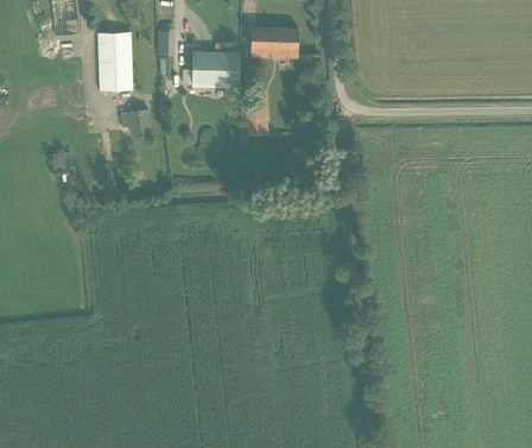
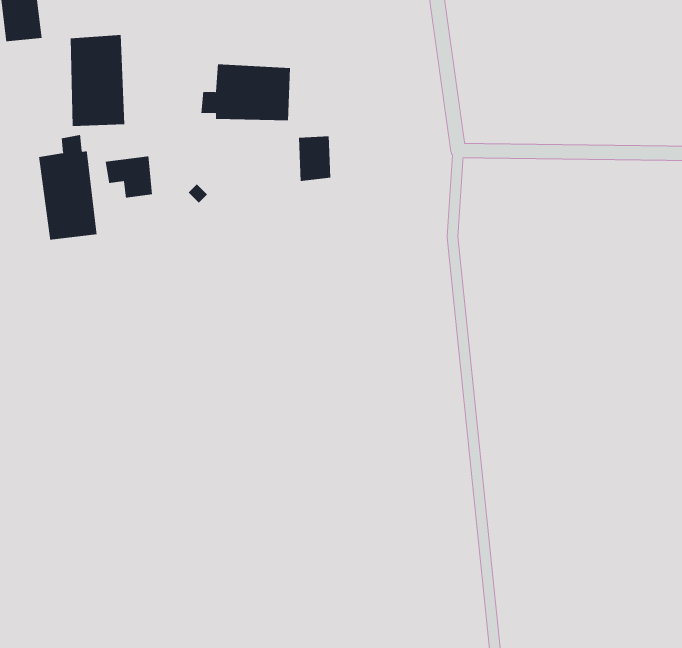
building: [251,29,298,57] -> none
building: none -> [38,134,97,241]

